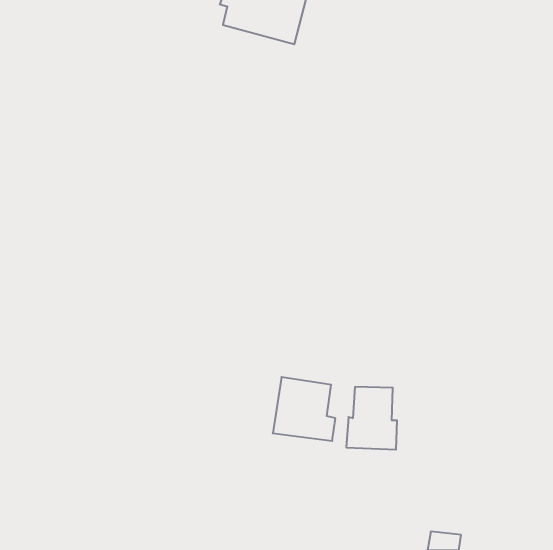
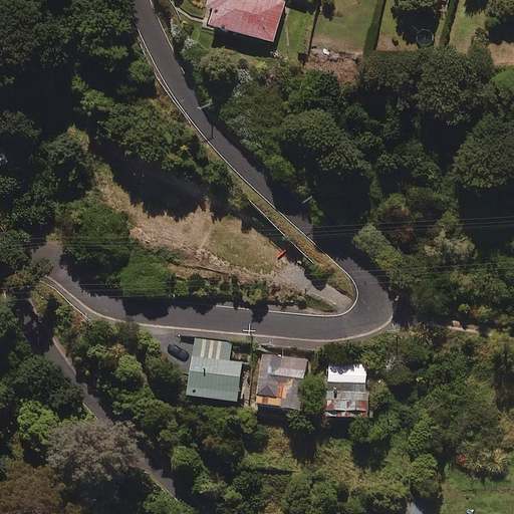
building: none -> [183,335,244,404]

